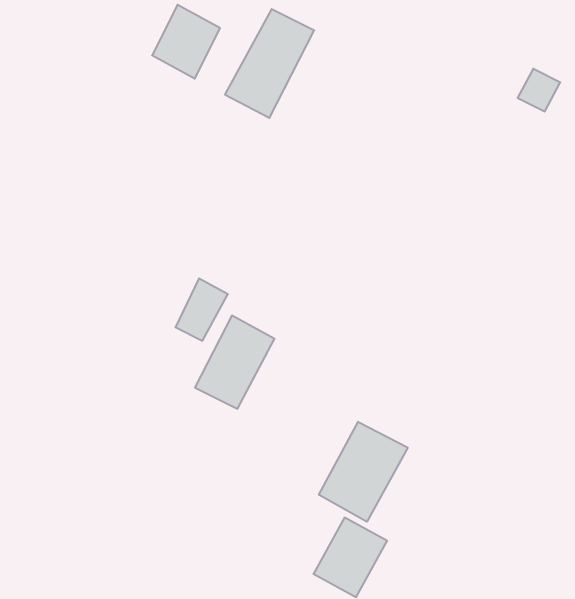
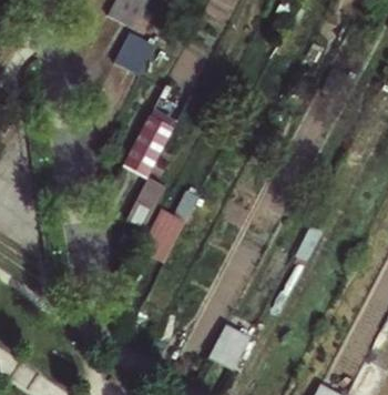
building: [225,9,314,118] -> [123,113,174,175]
building: [319,422,408,522] -> none

